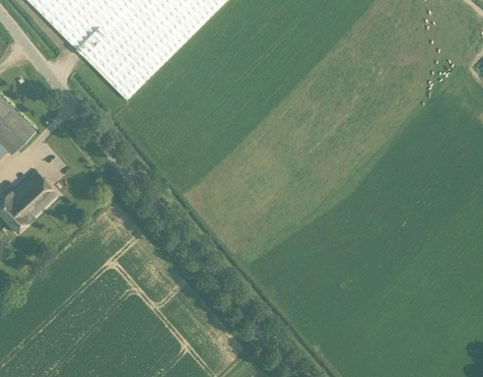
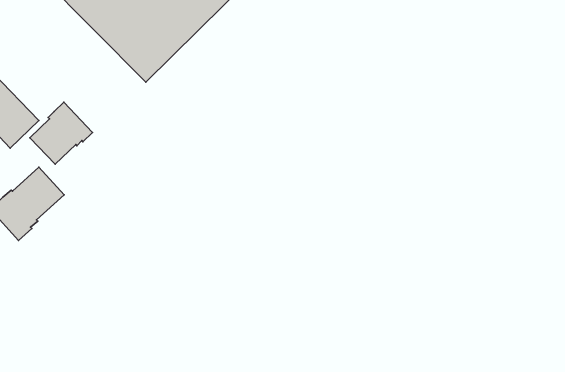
building: none -> [30,102,93,164]

